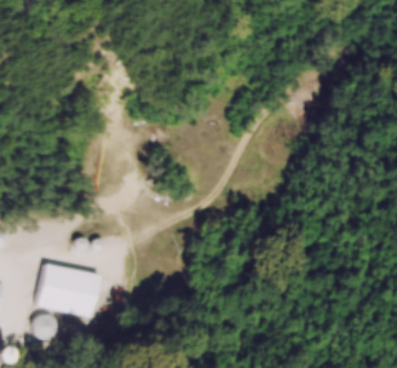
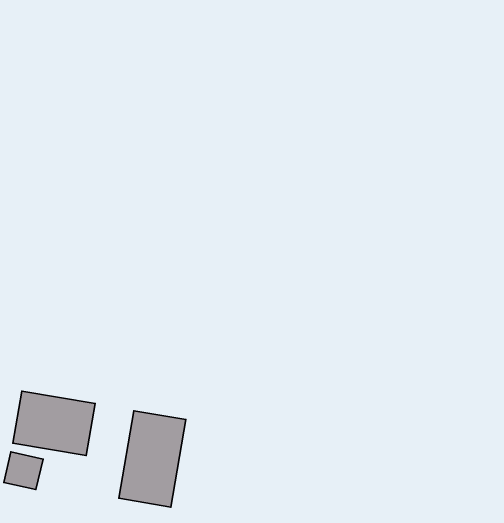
building: none -> [119,411,186,507]

